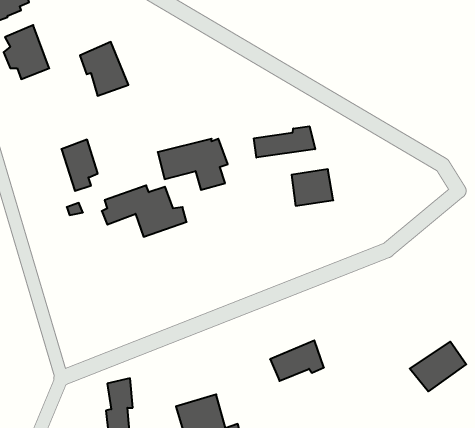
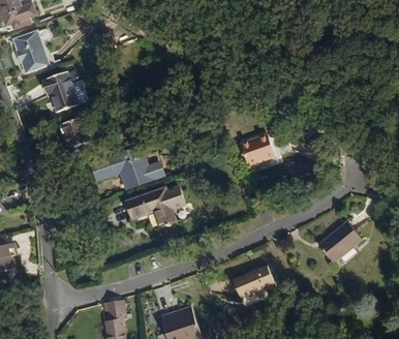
building: [80,42,128,96] -> [49,68,86,110]
building: [254,126,315,158] -> none
building: [158,139,228,190] -> [124,190,178,229]
building: [410,342,466,391] -> [317,230,361,269]

